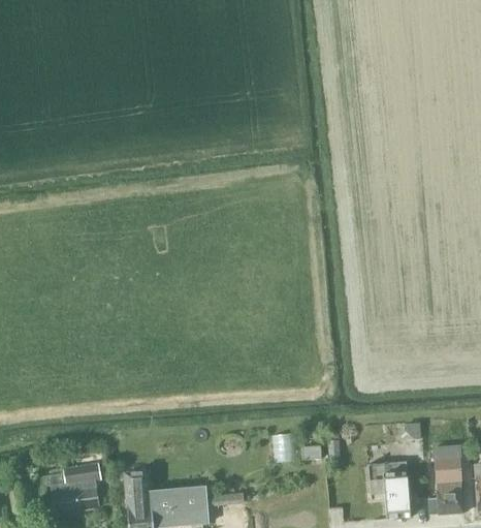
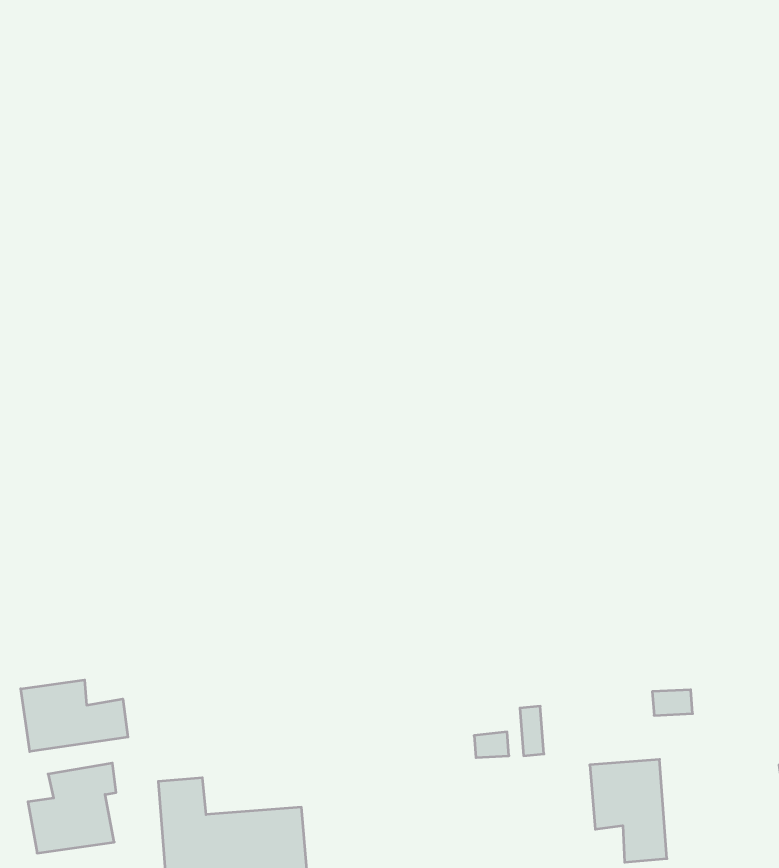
building: none -> [21,680,128,752]
building: [434,455,464,514] -> none

